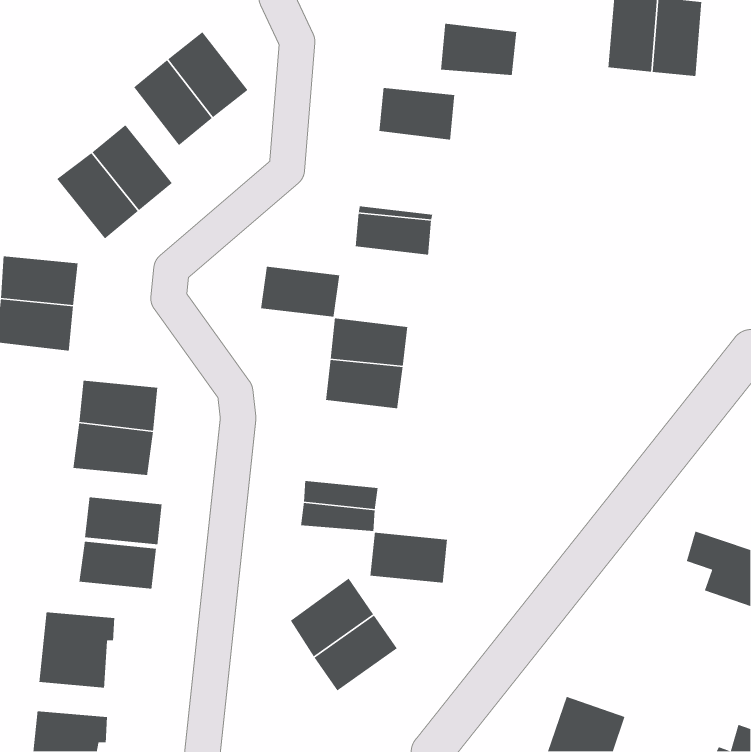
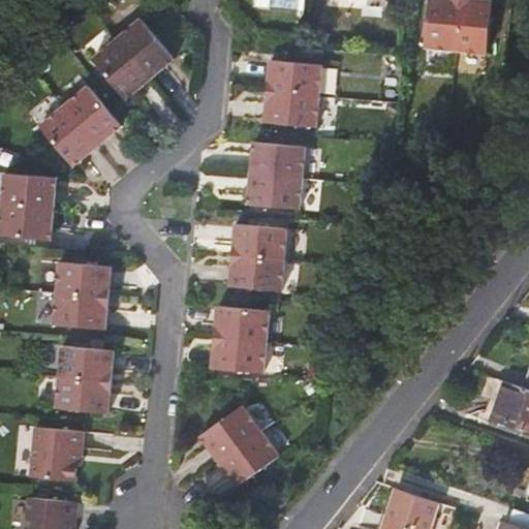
building: [440,23,517,76] -> [261,92,315,129]
building: [260,266,340,318] -> [244,173,300,209]
building: [370,532,448,583] -> [213,305,268,341]

